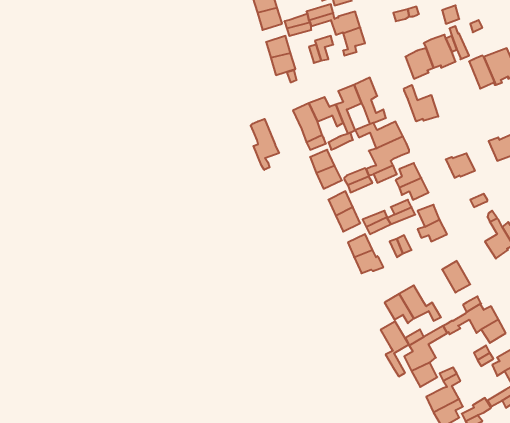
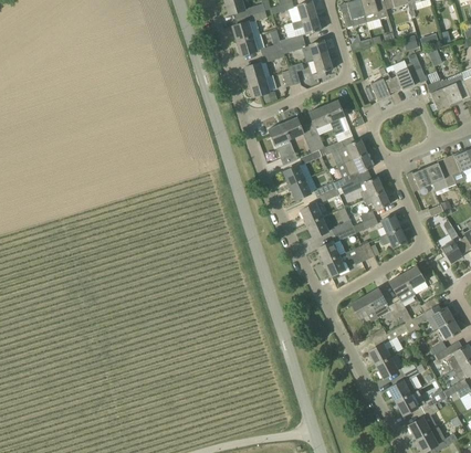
building: [404,85,438,121] -> none
building: [251,119,279,170] -> none
building: none -> [426,157,457,191]
building: [381,321,409,376] -> [390,273,416,323]

